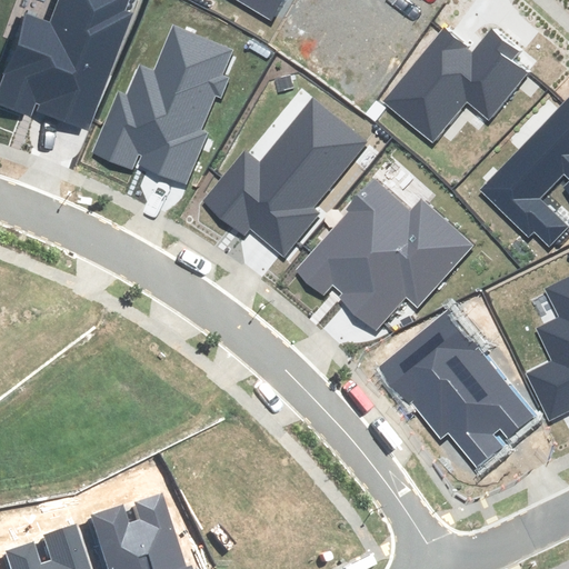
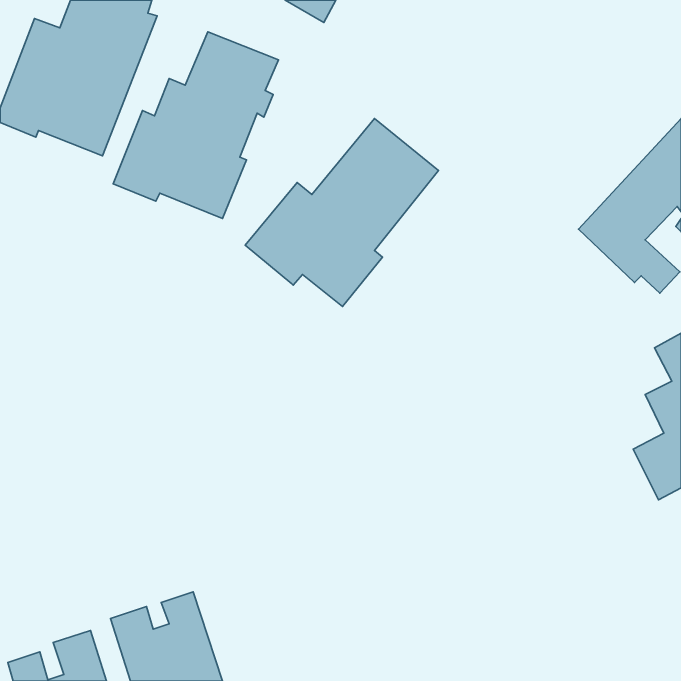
building: [386,29,527,140] -> none
building: [299,179,471,328] -> none
building: [378,310,535,466] -> none

